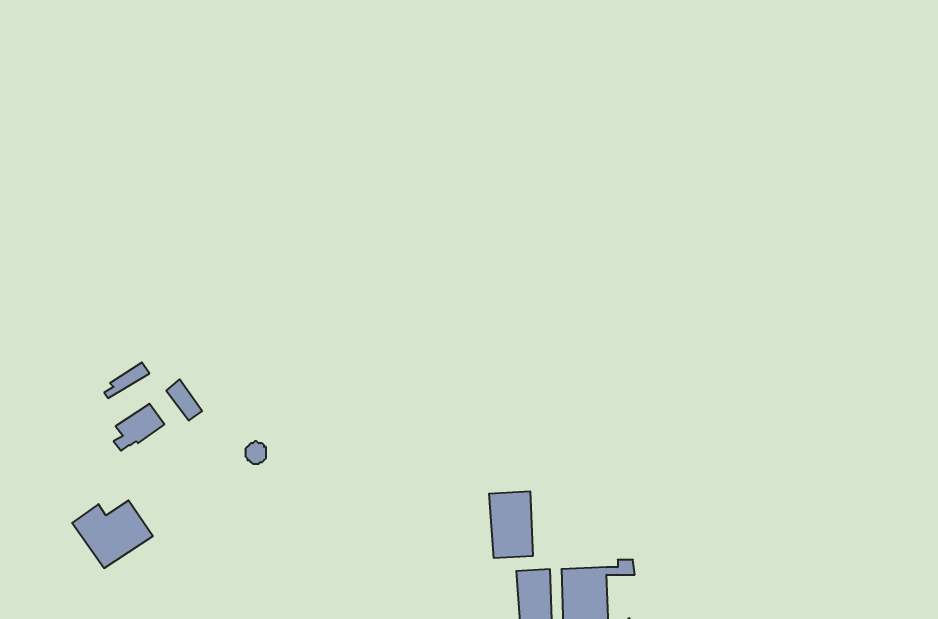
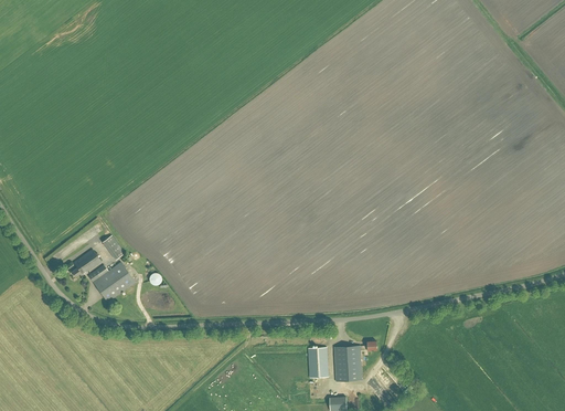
building: [489,491,533,558] -> none
building: [72,500,153,568] -> [88,261,136,301]

